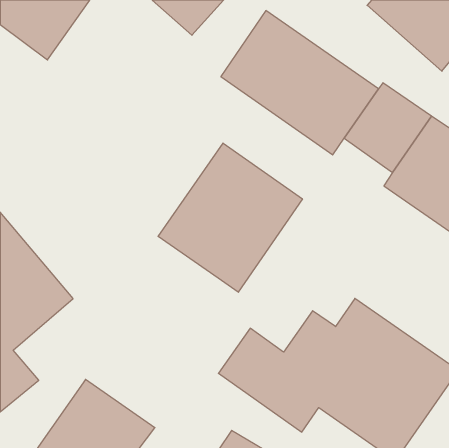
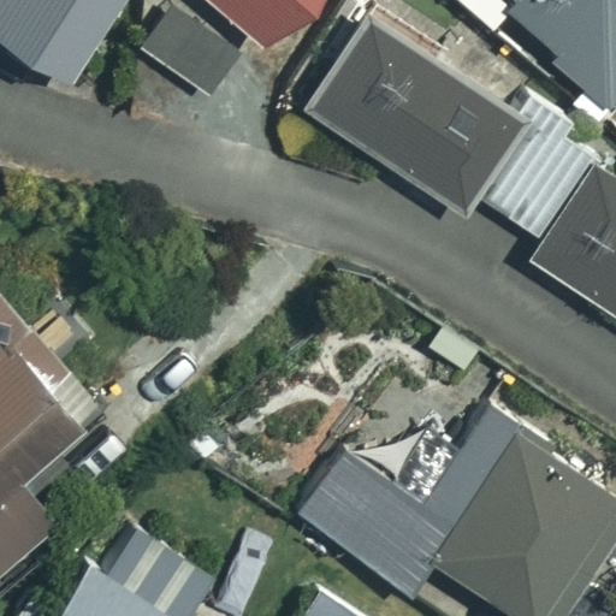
building: [158,143,302,292] -> none

